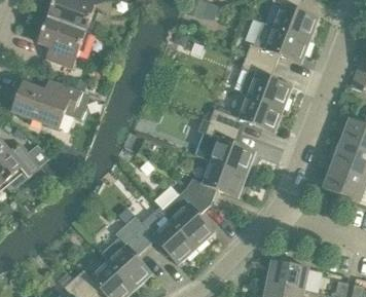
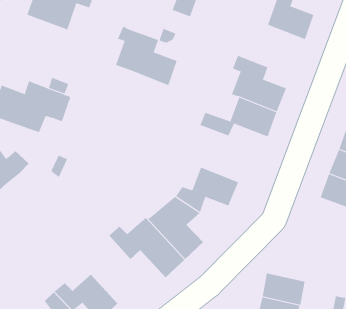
building: [37,16,85,67] -> none
building: [245,22,308,66] -> none
building: [195,117,254,174] -> [115,26,177,86]
building: [101,224,151,288] -> none

